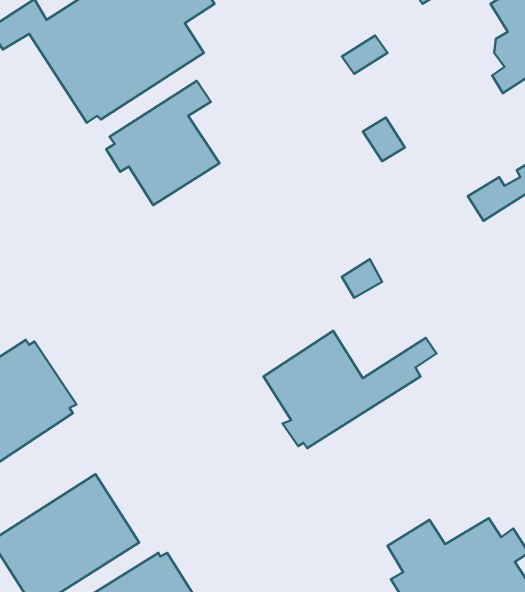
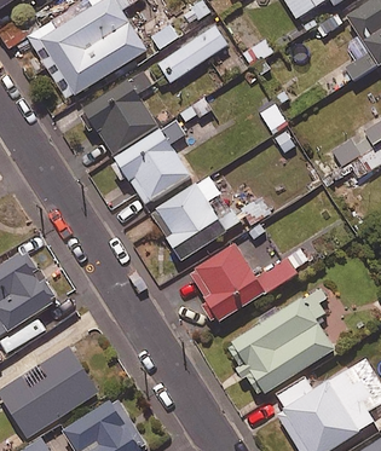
building: none -> [156,23,230,83]
building: none -> [110,122,187,204]
building: none -> [152,178,241,259]
building: none -> [227,287,335,394]

